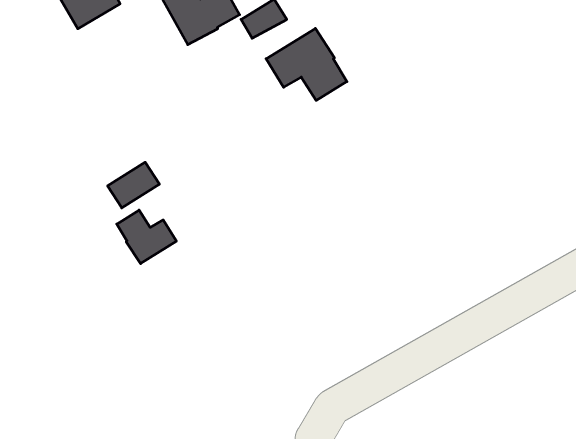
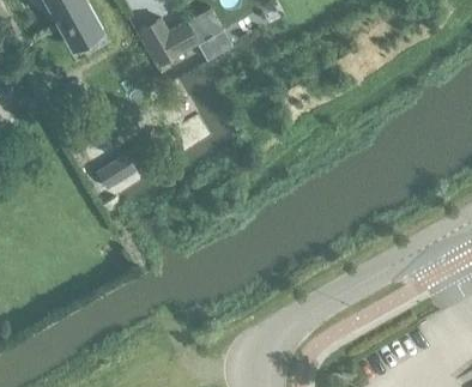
building: [266,28,347,100] -> none
building: [117,210,176,264] -> none

